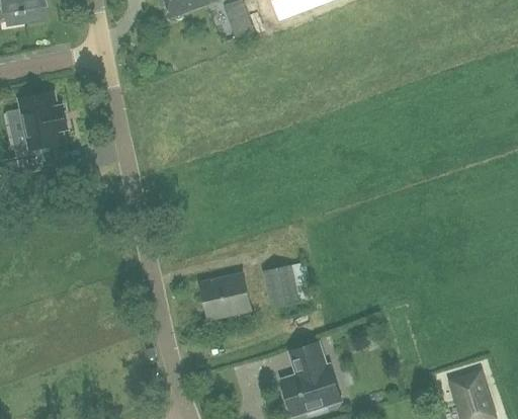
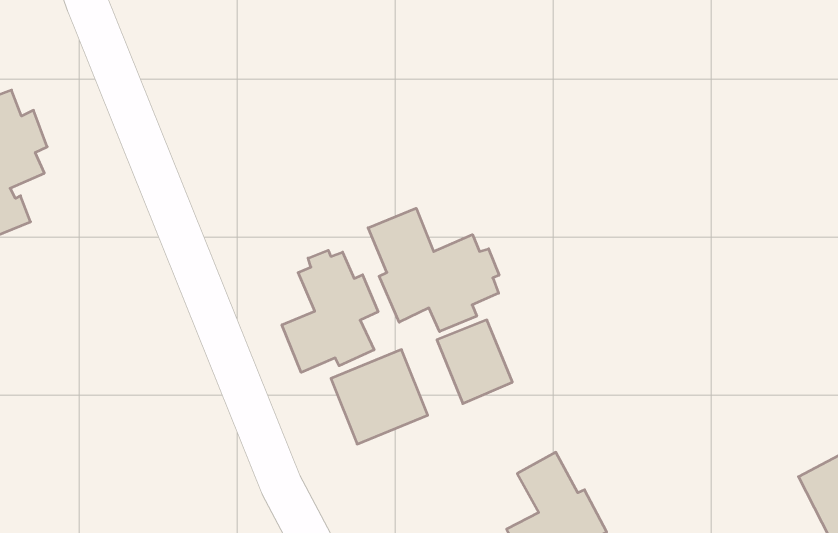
building: none -> [368,208,499,332]
building: none -> [282,250,378,372]

